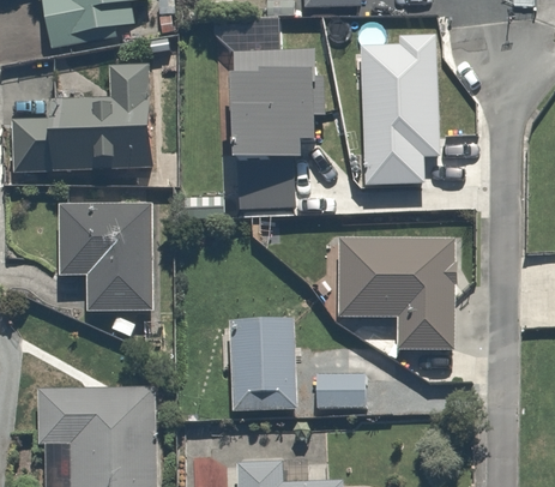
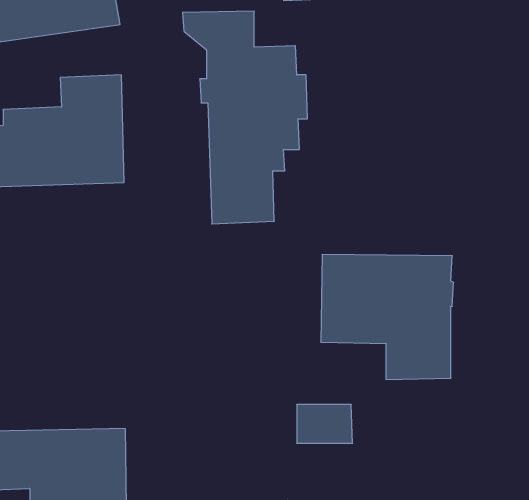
building: [358,34,438,182] -> none
building: [56,212,158,313] -> none
building: [228,315,296,409] -> none

